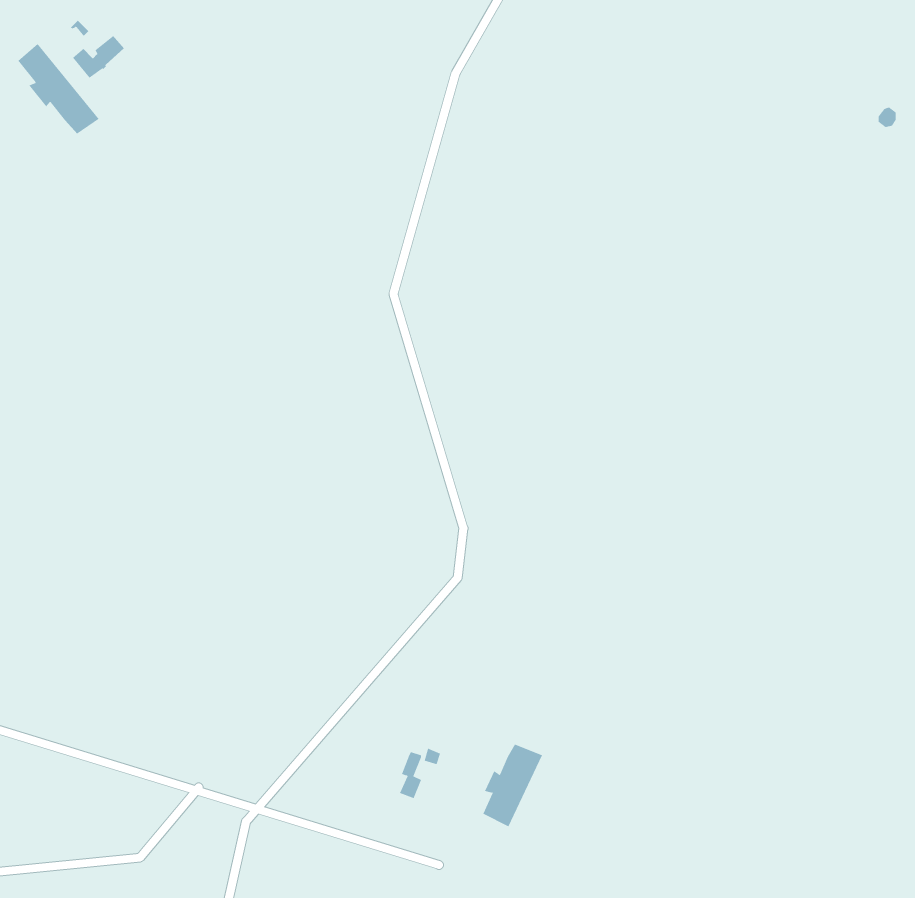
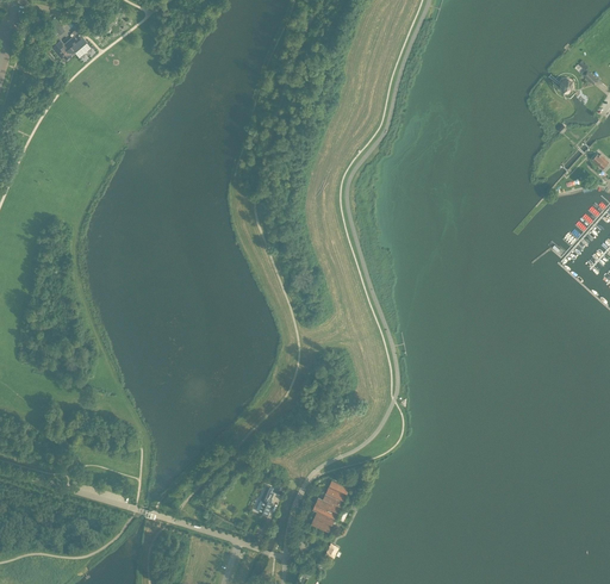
building: [17,43,100,134] -> none

